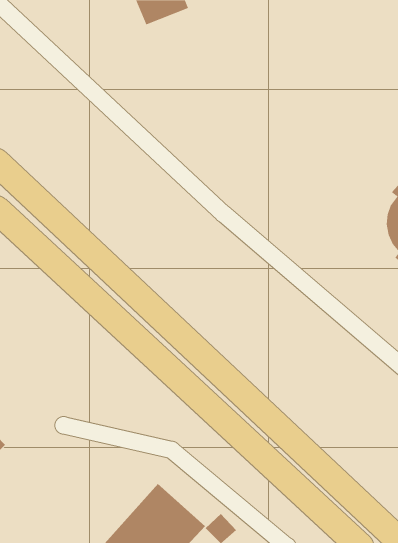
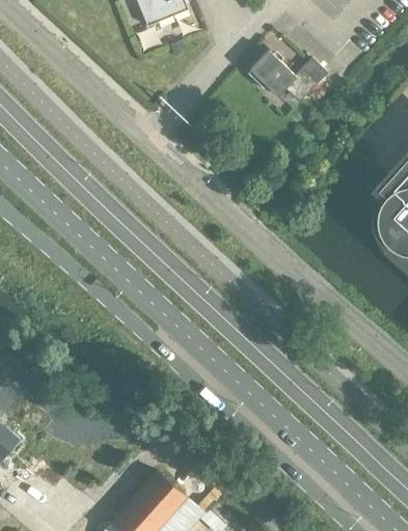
building: none -> [249,51,327,103]

